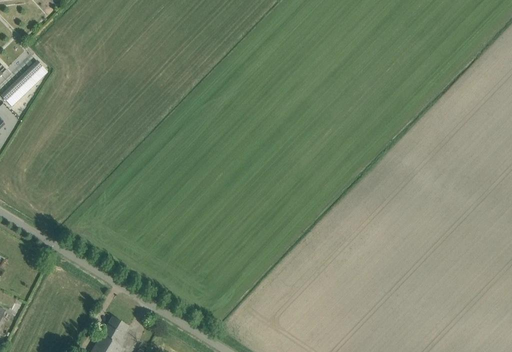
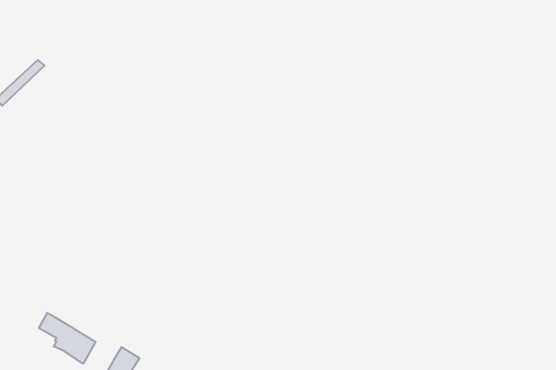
building: none -> [39,313,96,364]

